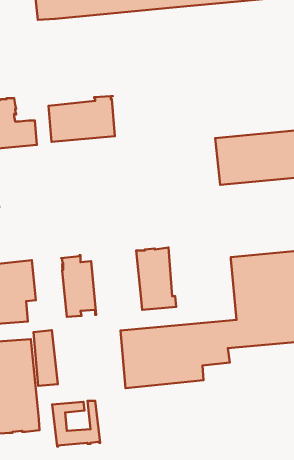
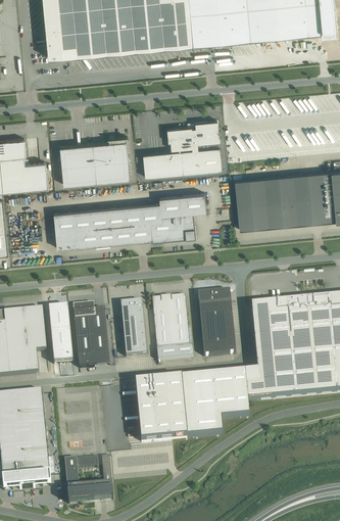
building: none -> [142,121,222,177]
building: none -> [53,193,205,248]
building: none -> [197,291,235,357]
building: none -> [120,301,146,358]
building: [33,330,58,386] -> [48,306,74,365]

